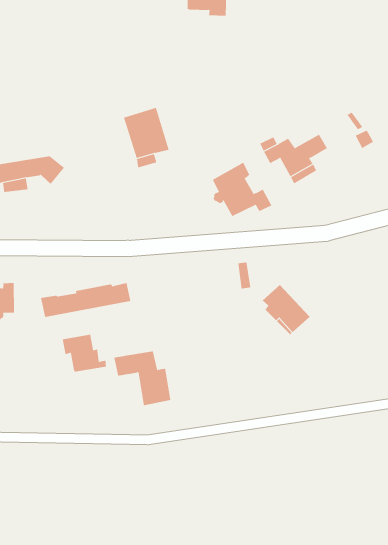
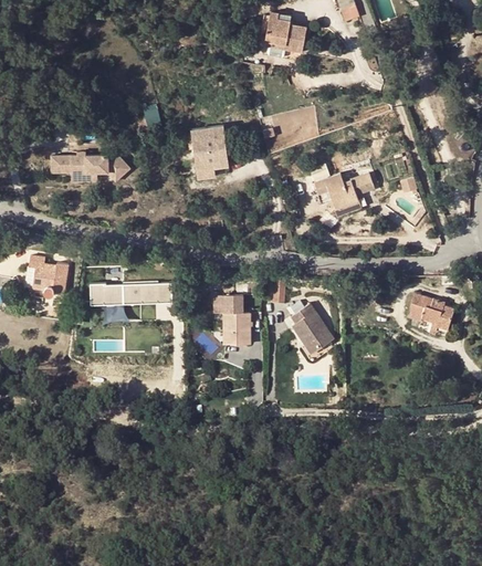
building: [212,162,272,217] -> none
building: [62,334,107,372] -> none
building: [113,351,171,406] -> [203,297,250,346]

